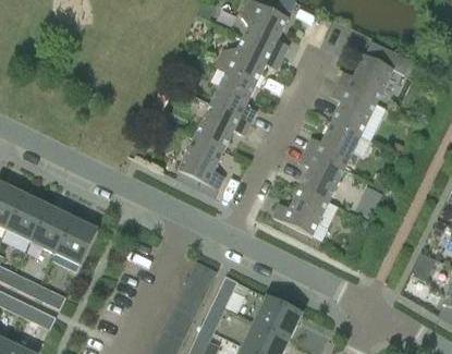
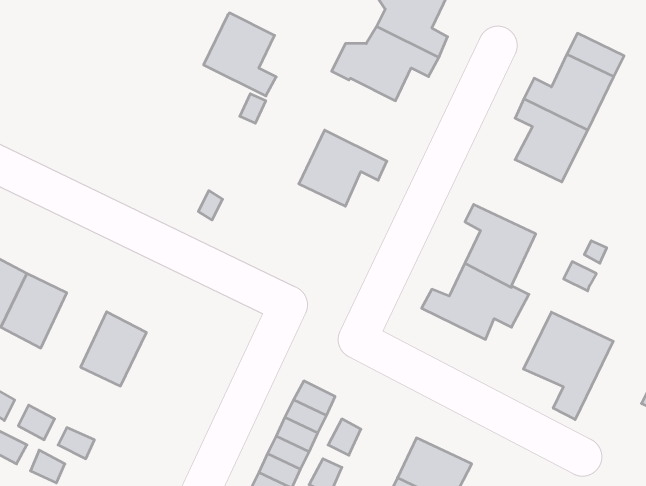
building: [210,70,256,122] -> [204,13,276,96]
building: [304,121,359,168] -> none
building: [175,136,223,196] -> none
building: [32,205,73,252] -> none
building: none -> [523,312,613,420]

